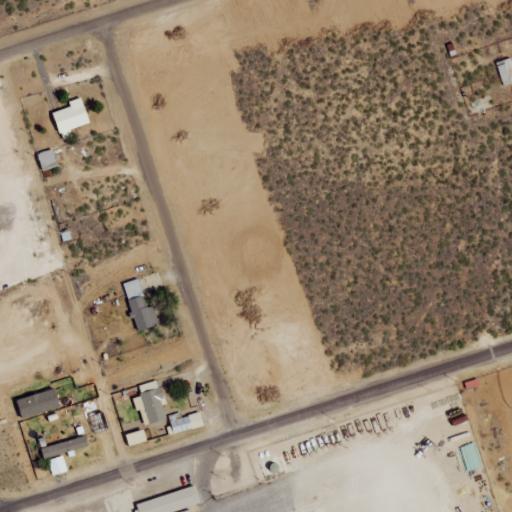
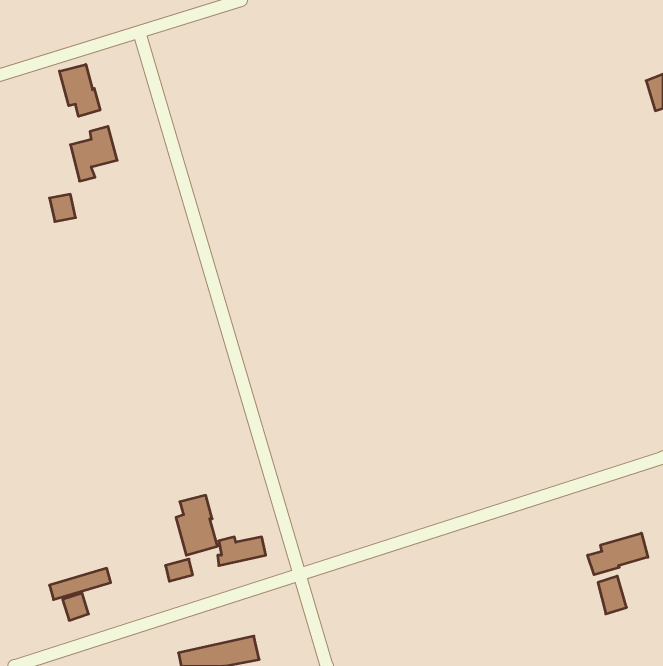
building: none -> [59,64,100,116]
building: [121,278,159,332] -> none
building: [17,388,62,420] -> none
building: none -> [588,533,648,575]

